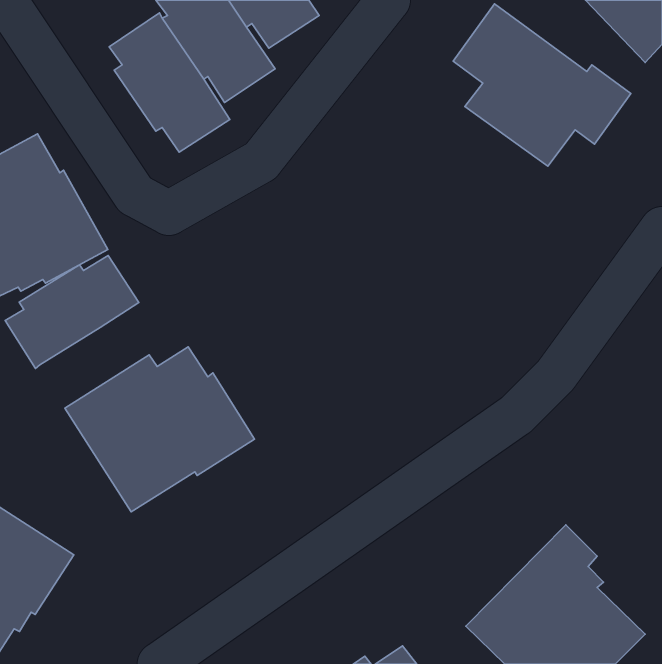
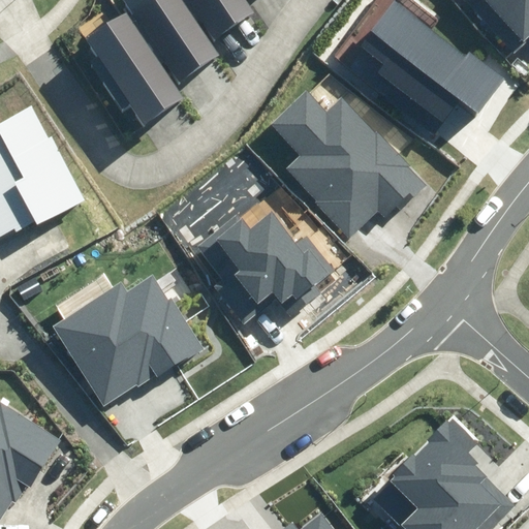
building: none -> [271,90,426,237]
building: [5,255,139,368] -> none
building: none -> [195,213,333,324]

